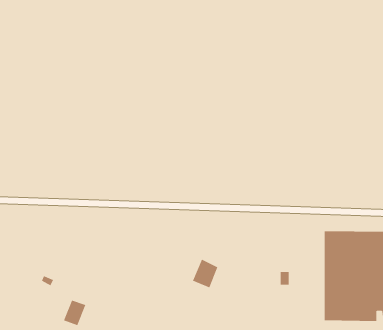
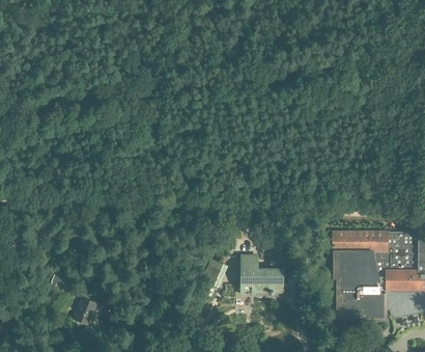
building: none -> [242,254,284,293]

